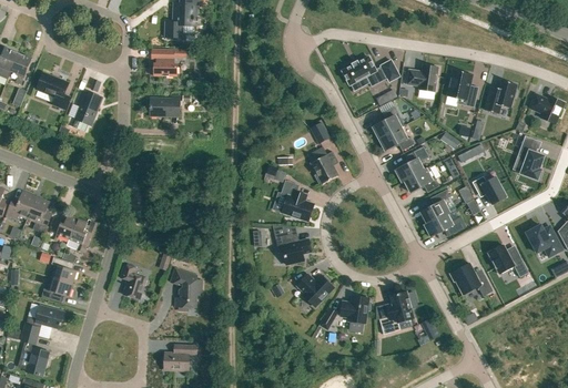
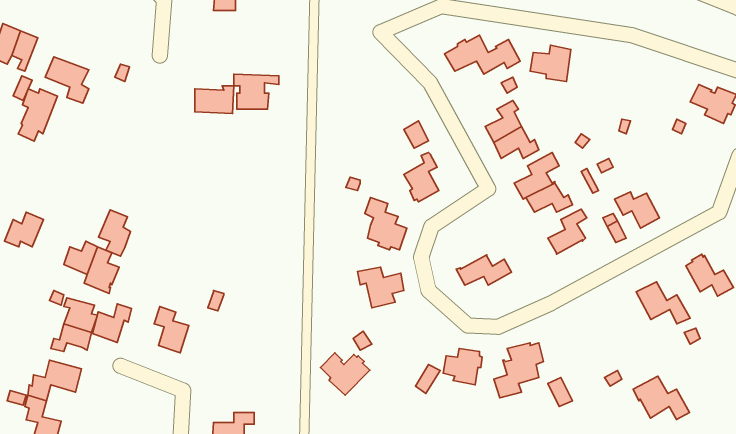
building: [152,49,186,75] -> [234,74,279,109]
building: [447,69,477,106] -> none
building: [485,79,517,112] -> none
building: [73,91,103,131] -> [18,89,57,141]
building: [518,135,544,178] -> none
building: [27,196,51,232] -> [99,210,131,256]
building: [424,212,466,235] -> [456,255,511,285]
building: none -> [93,304,132,342]
building: [450,262,494,295] -> [633,376,690,420]
building: [171,266,202,309] -> none
building: [296,273,334,305] -> [320,353,370,395]

